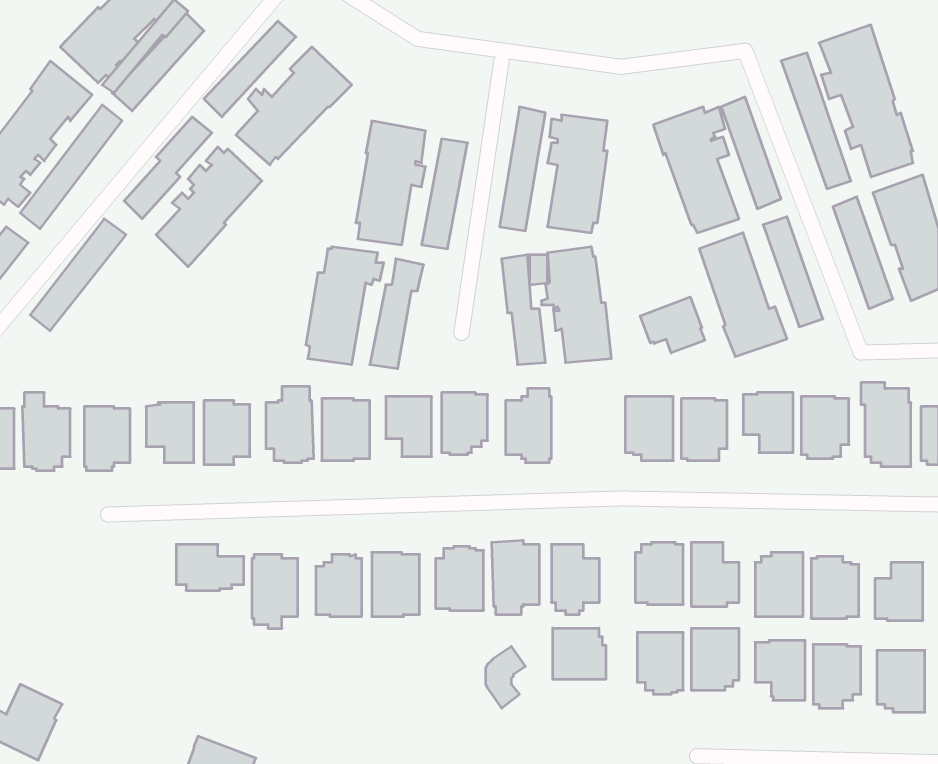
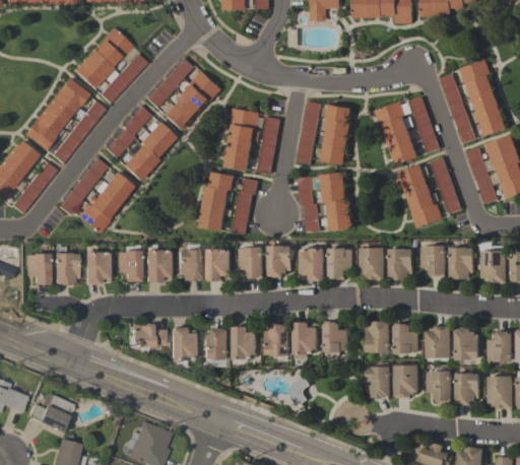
building: none -> [75,173,132,235]
building: [640,297,705,353] -> none
building: none -> [327,248,351,279]
building: [553,628,606,679] -> none

